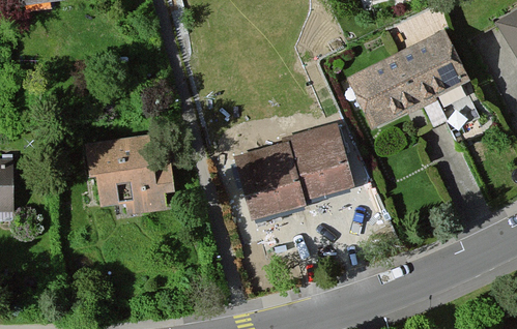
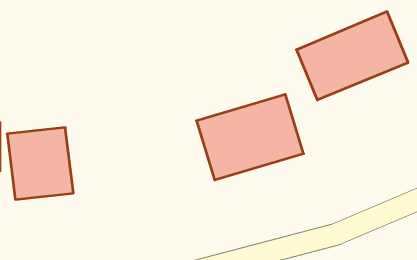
building: [88,136,164,217] -> [7,128,73,199]

